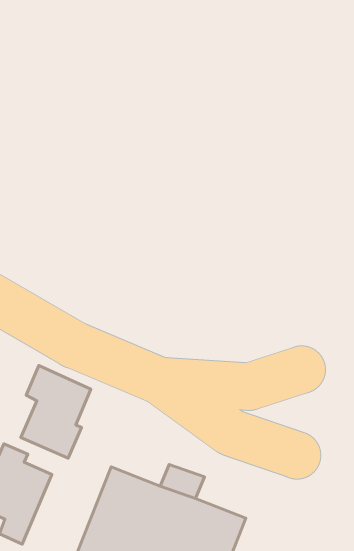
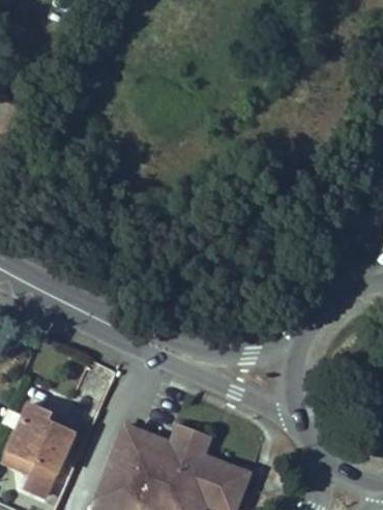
building: [21,366,91,458] -> none

